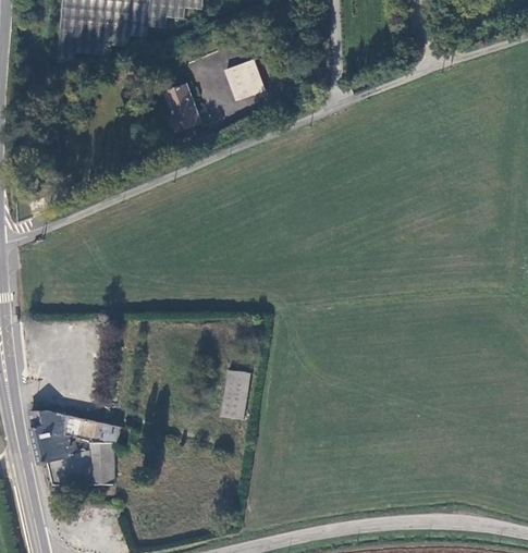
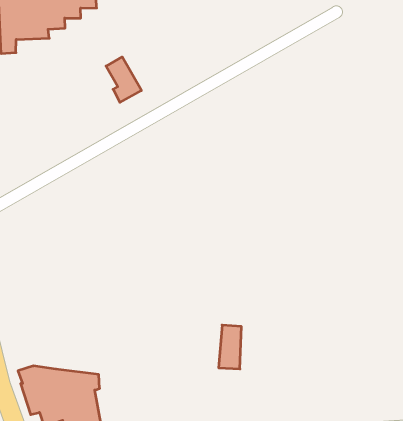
building: [225,57,266,99] -> none
building: [219,370,249,420] -> [219,325,241,369]

